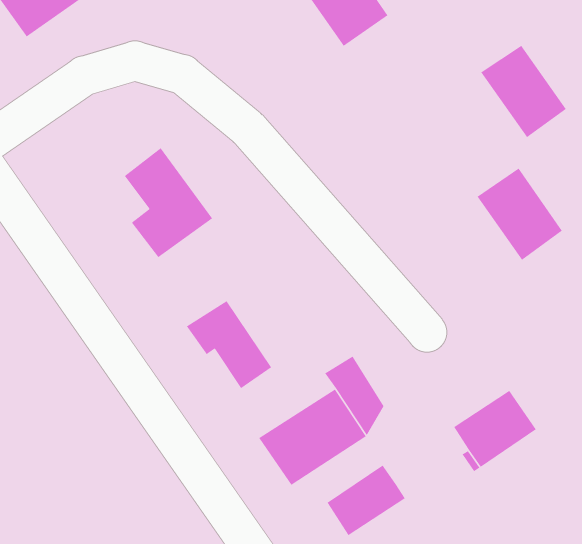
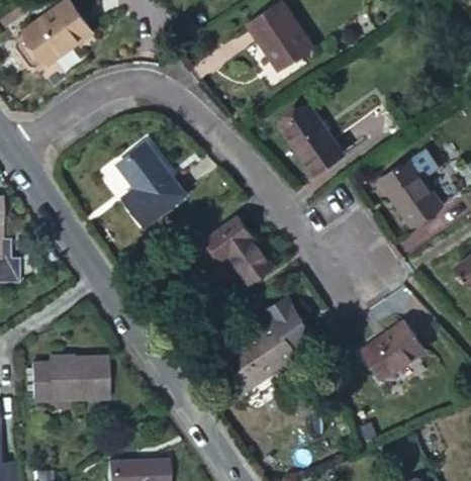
building: [480,45,567,138] -> [279,106,343,175]
building: [186,300,272,389] -> [208,218,272,284]
building: none -> [32,358,107,399]
building: [326,465,406,536] -> none

